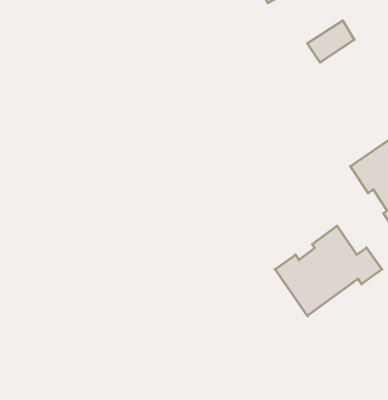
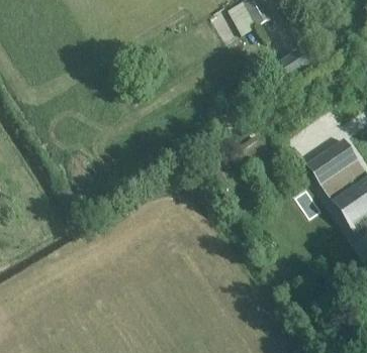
building: [275,226,382,316] -> none

